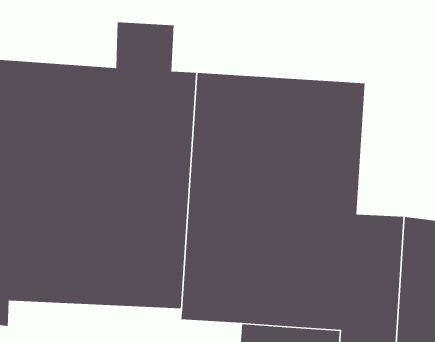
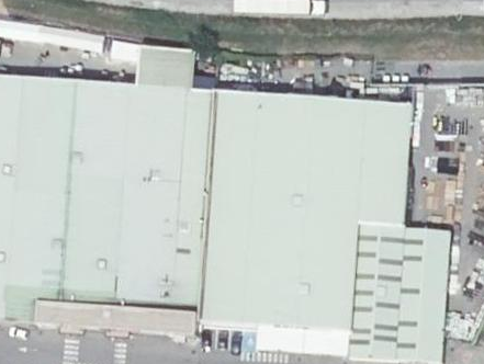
building: none -> [363,99,412,223]
building: none -> [38,302,200,333]

